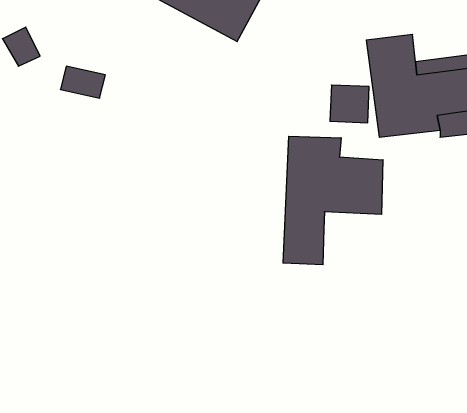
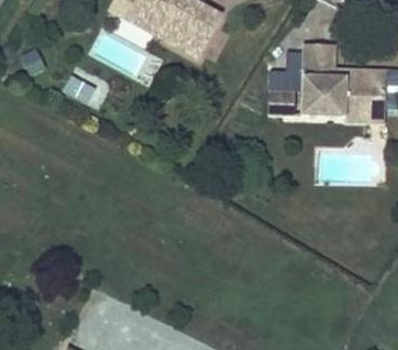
building: [283,136,383,265] -> none

